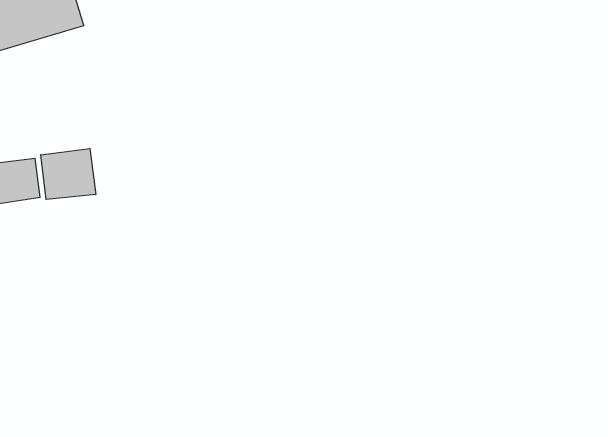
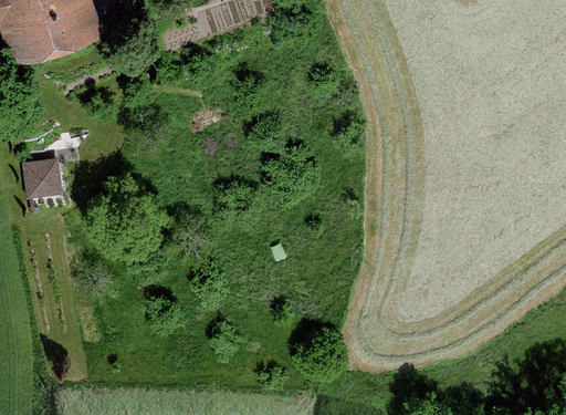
building: [41,148,96,199] -> none

